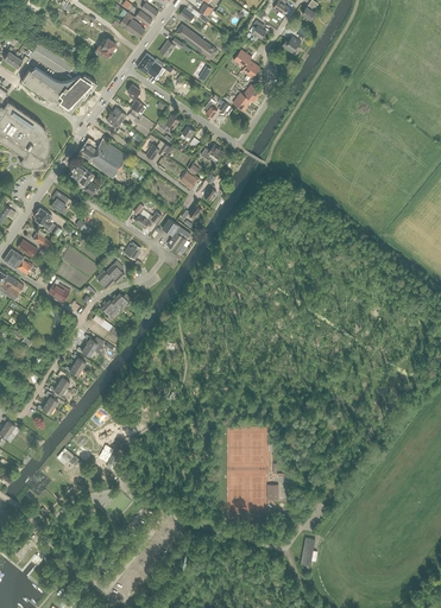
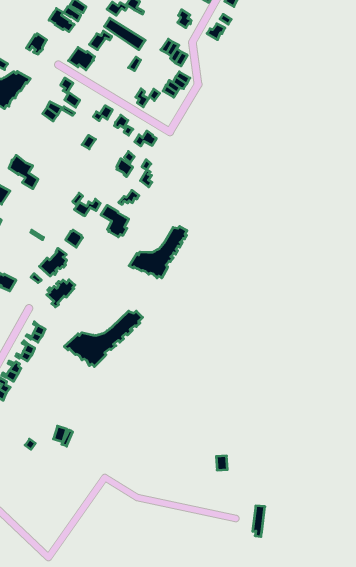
building: [78,138,127,178] -> none
building: none -> [129,226,187,278]
building: none -> [64,311,143,367]

